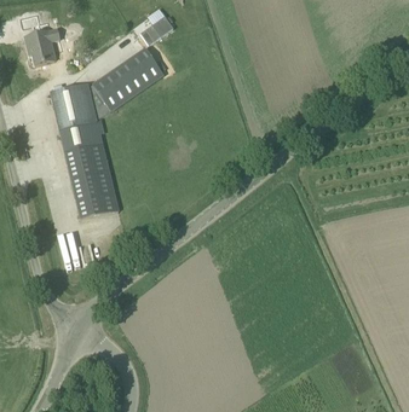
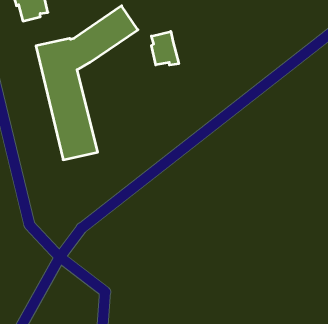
building: none -> [151,31,179,65]

